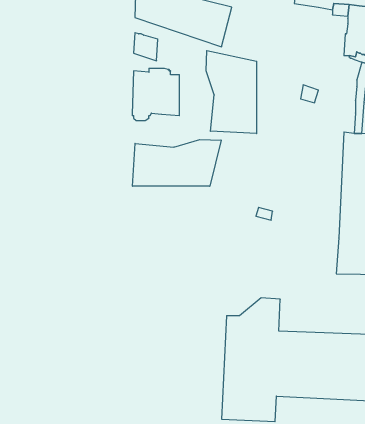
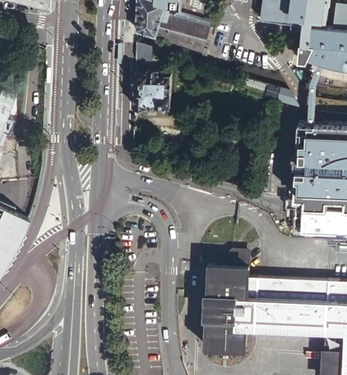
building: [206,51,257,134] -> none
building: [133,140,221,186] -> none

